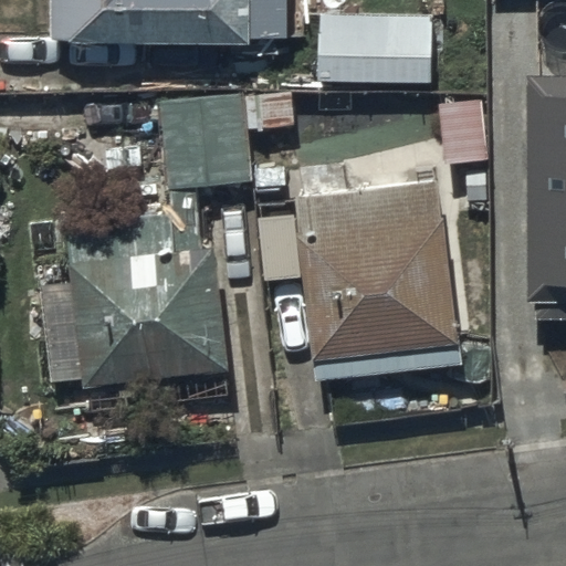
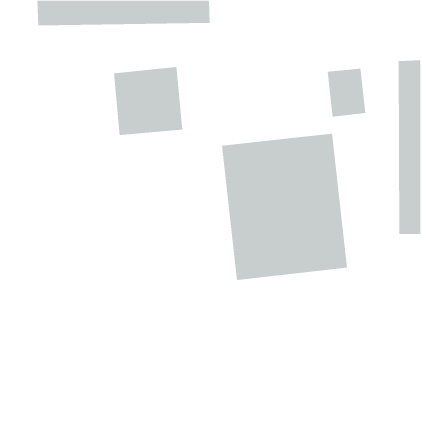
building: [322,14,422,83] -> none
building: [64,187,228,388] -> none

